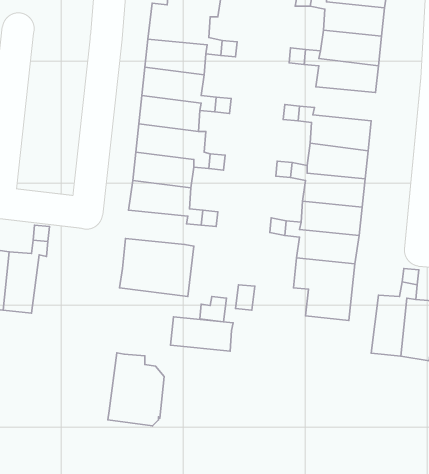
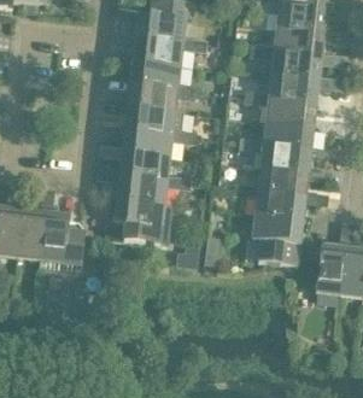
building: none -> [268,76,318,104]
building: [171,317,233,351] -> [116,176,166,204]
building: [108,353,164,426] -> [39,212,84,271]

